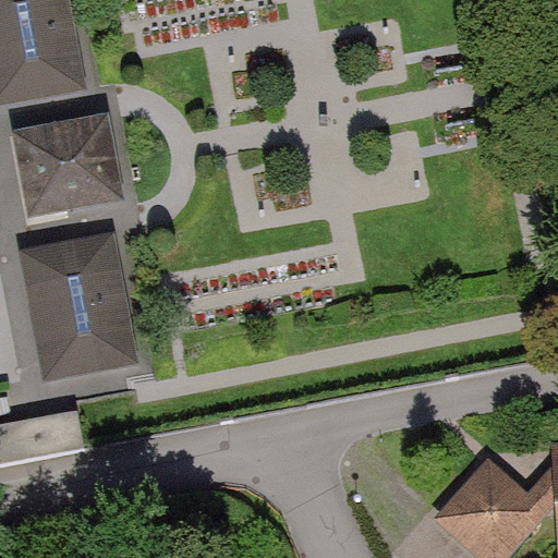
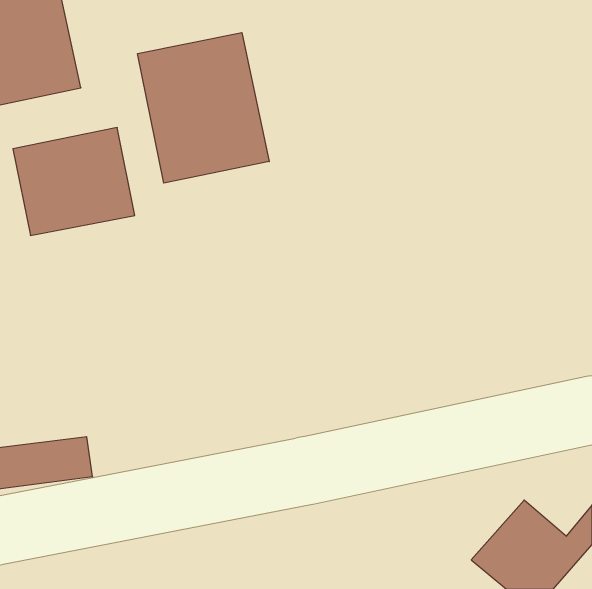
building: none -> [138,33,269,183]
building: [22,235,124,369] -> none

